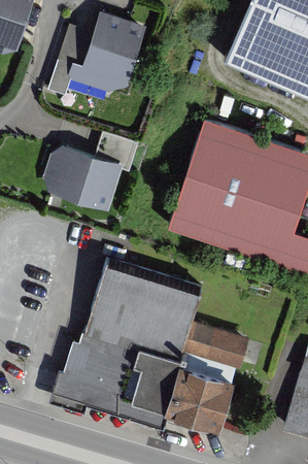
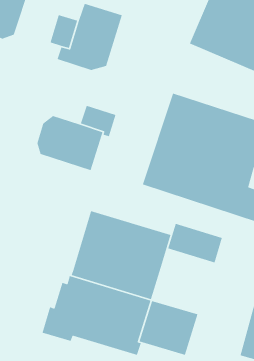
building: [184,320,250,368] -> [167,223,223,264]

